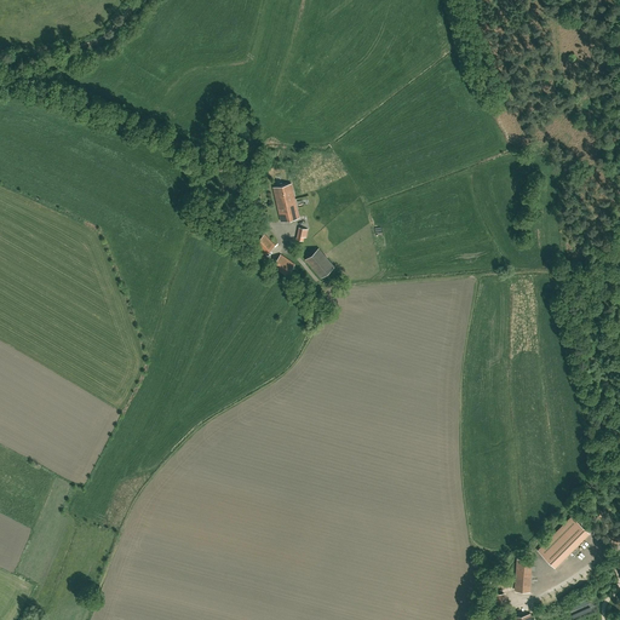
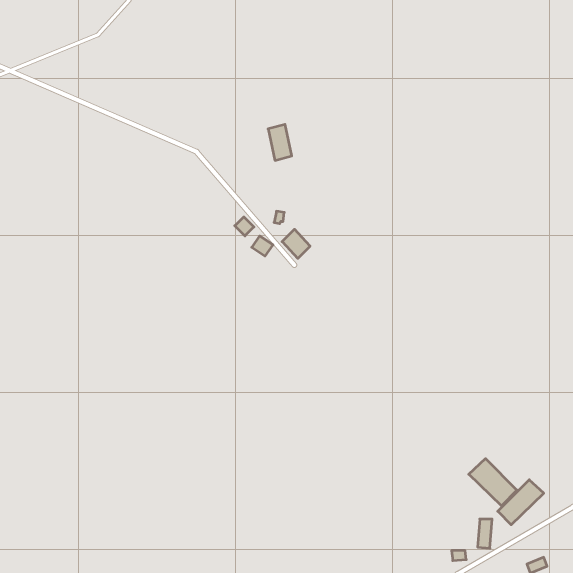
building: [272,184,298,223] -> [268,124,292,160]
building: none -> [469,459,517,506]

